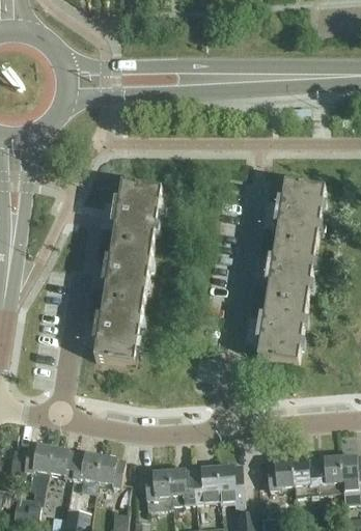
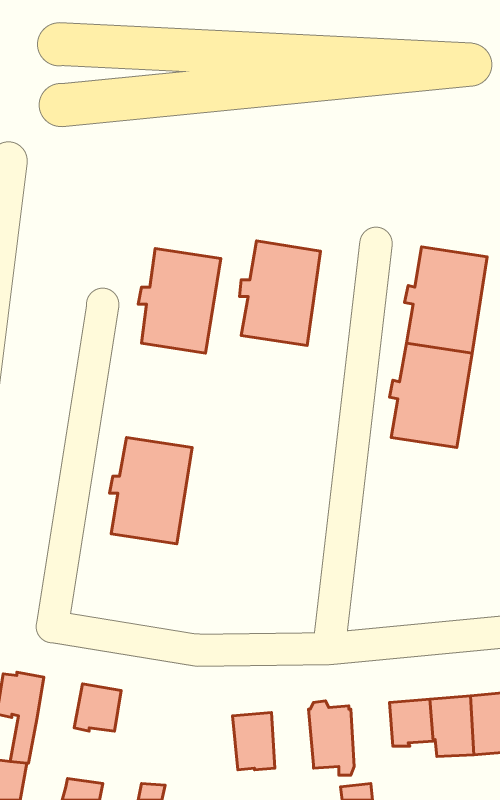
building: [101,241,150,305] -> [240,241,321,346]
building: [255,299,305,364] -> none
building: [47,446,75,477] -> none
building: [94,454,122,486] -> none
building: [191,462,217,502] -> none
building: [142,470,170,509] -> none

